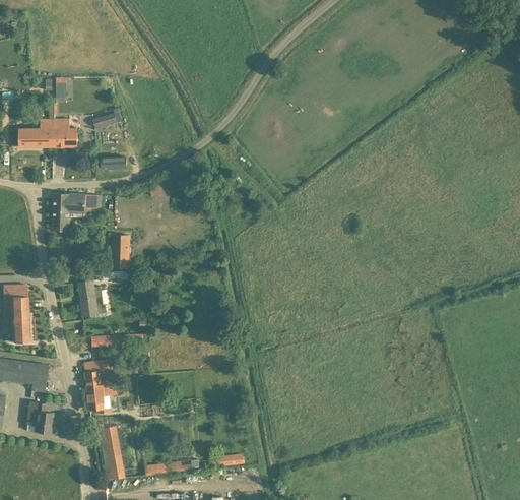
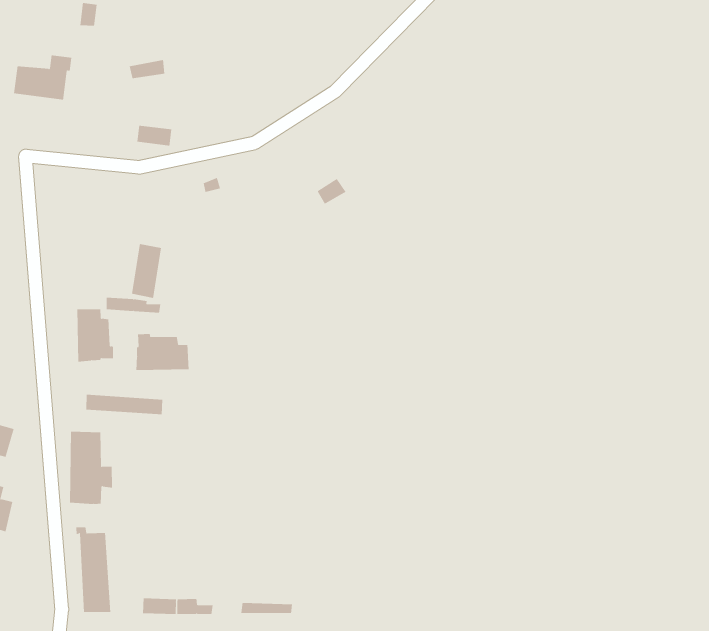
building: [52,119,76,147] -> none
building: [52,193,98,232] -> none
building: none -> [136,333,189,371]

